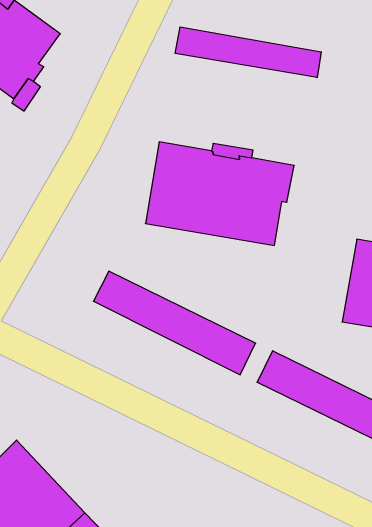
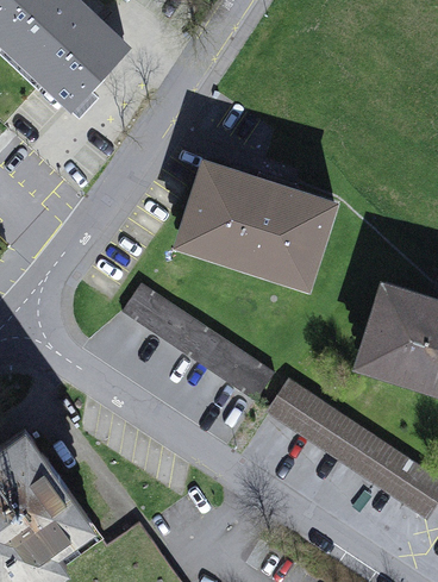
building: [175,27,321,78] -> none

